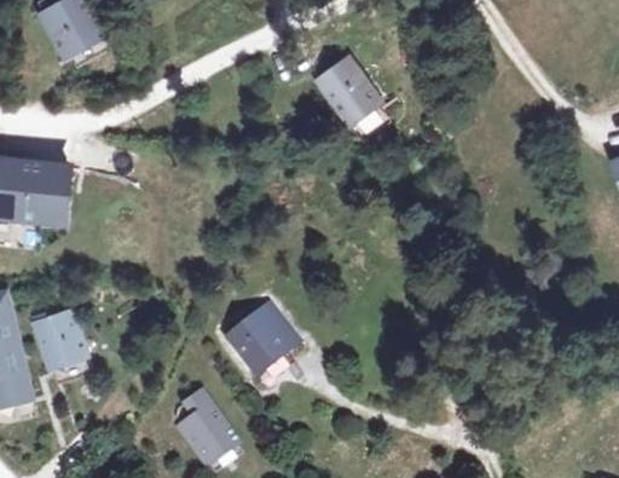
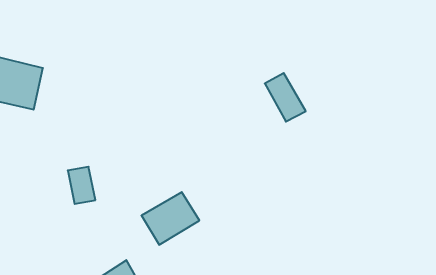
building: [323,56,381,119] -> [265,73,306,122]
building: [50,319,91,370] -> [68,167,95,204]

